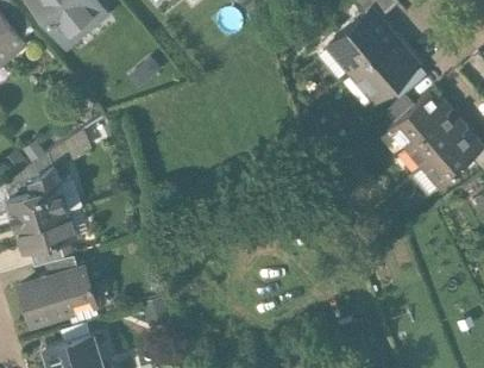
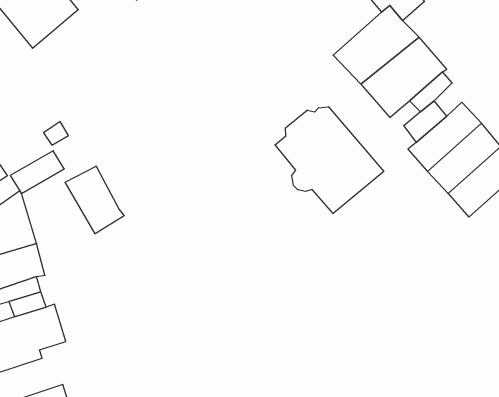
building: none -> [275,107,384,213]
building: none -> [65,166,124,234]

